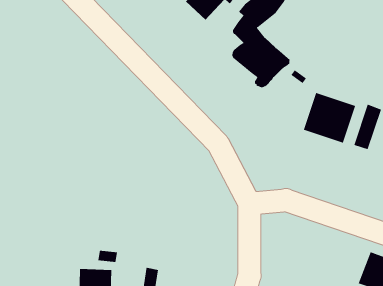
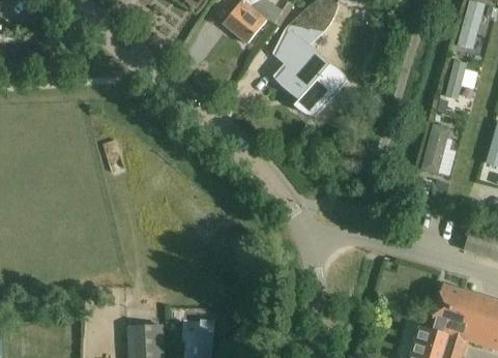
building: [303,92,356,143] -> none

